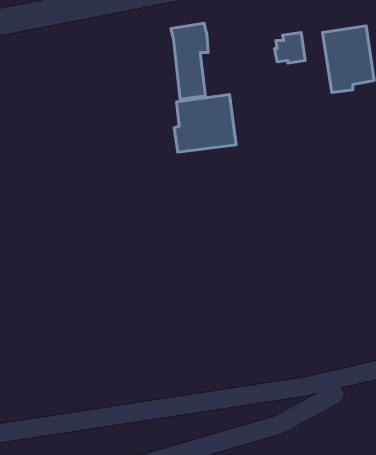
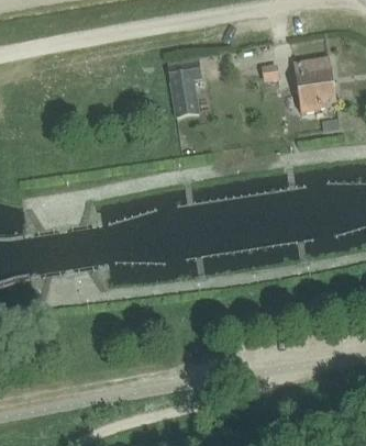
building: [174,95,236,152] -> none

